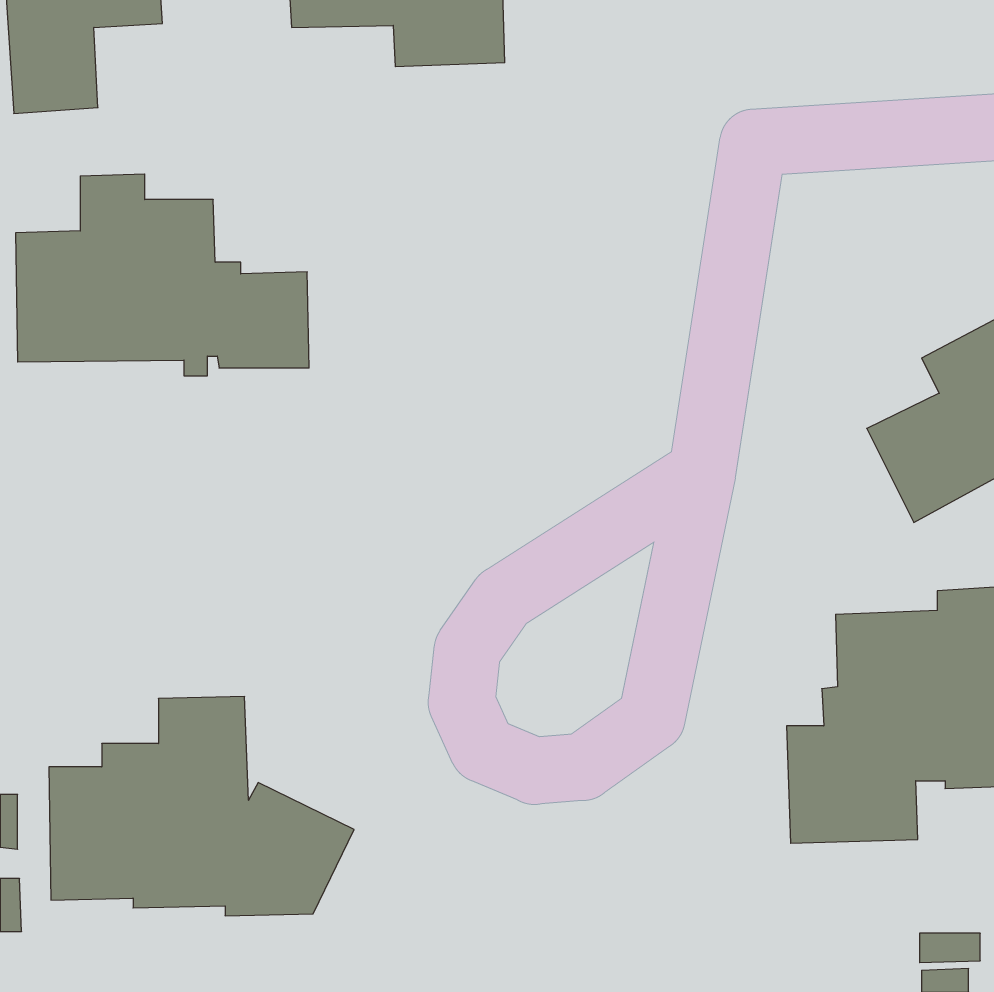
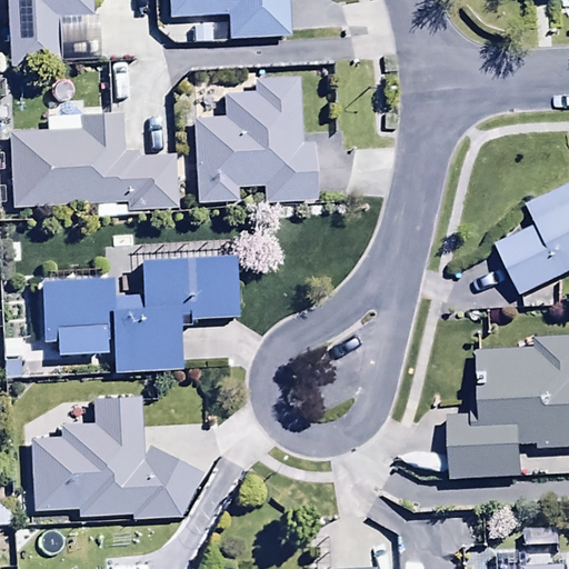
building: none -> [193,77,317,202]
building: none -> [41,253,238,372]

